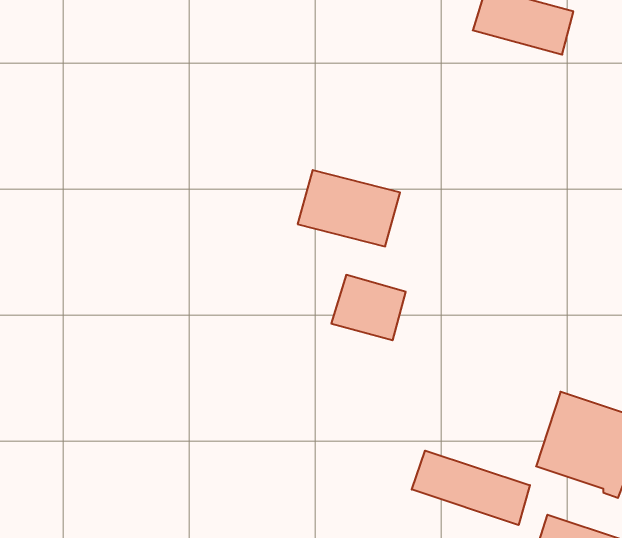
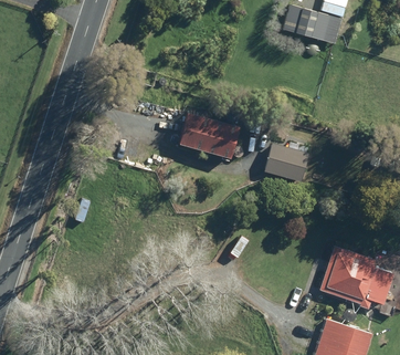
building: [331,275,406,340] -> [264,143,308,181]
building: [412,451,530,525] -> none

